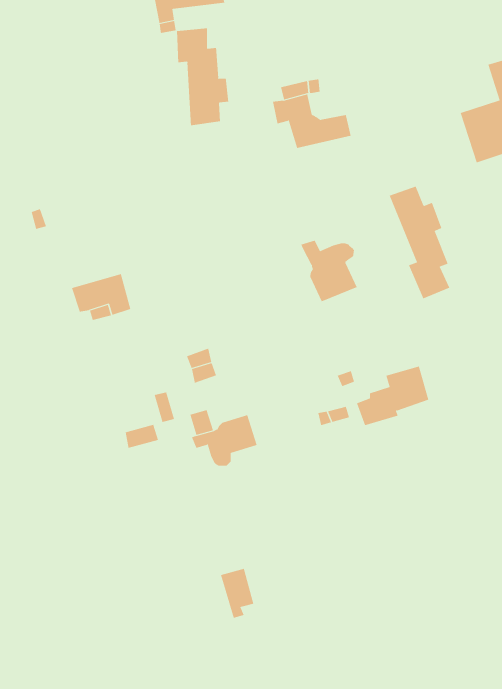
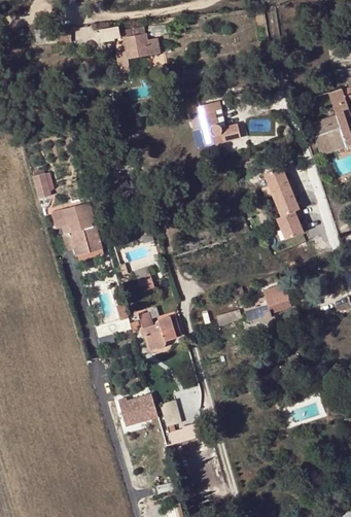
building: [177,27,229,126] -> none
building: none -> [51,203,95,231]
building: [300,240,358,302] -> none
building: none -> [117,398,154,428]

